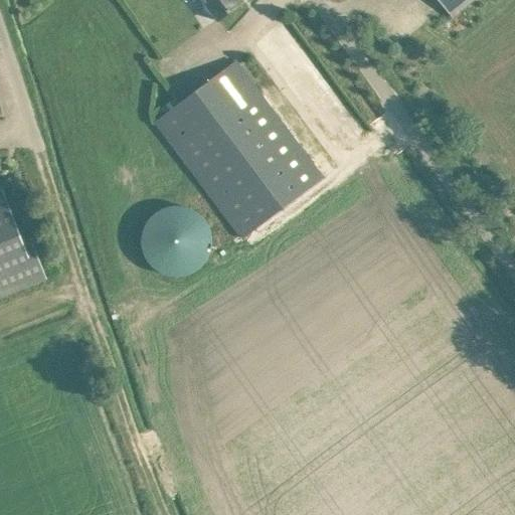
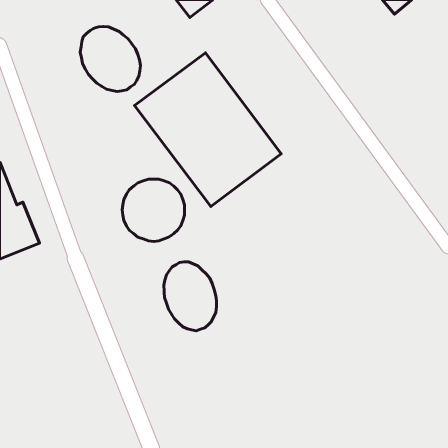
building: none -> [80,27,140,92]
building: none -> [164,262,216,331]

